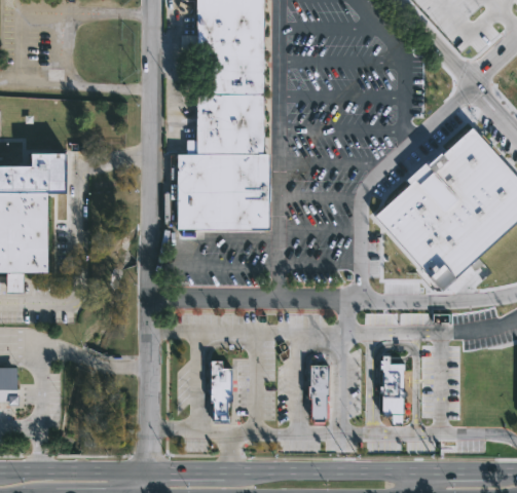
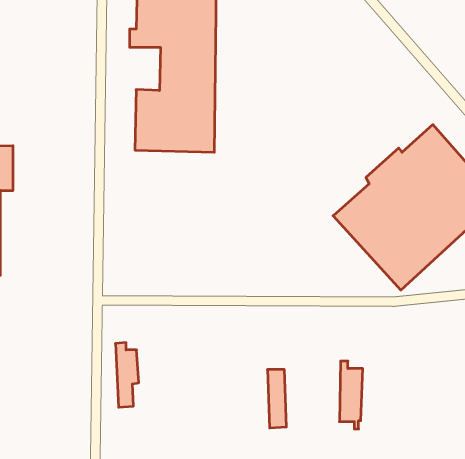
building: [174,152,267,235] -> none
building: [213,362,235,424] -> [115,343,139,407]

